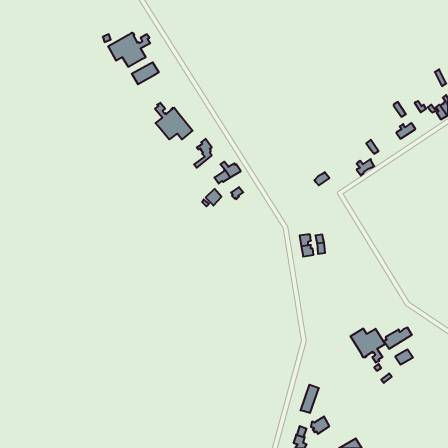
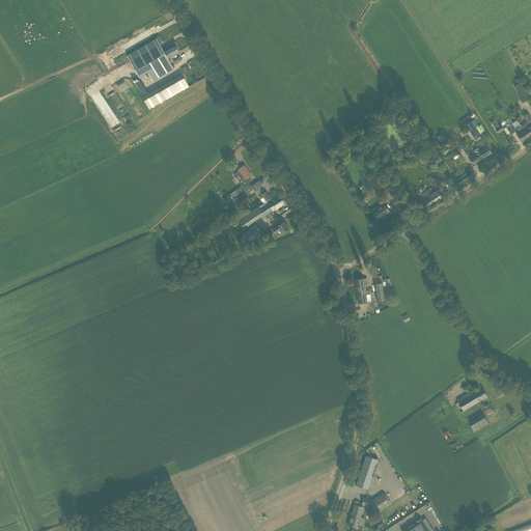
building: [155,103,193,139] -> none
building: [351,328,385,363] -> none

